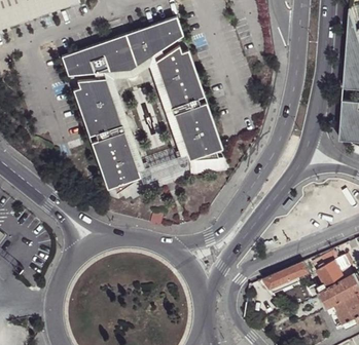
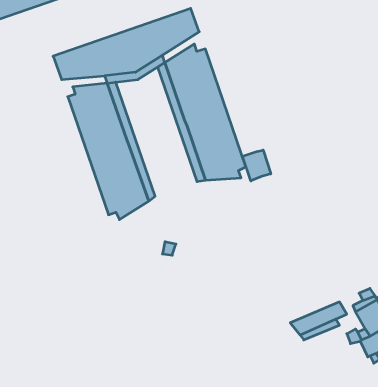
building: none -> [242,150,271,181]

